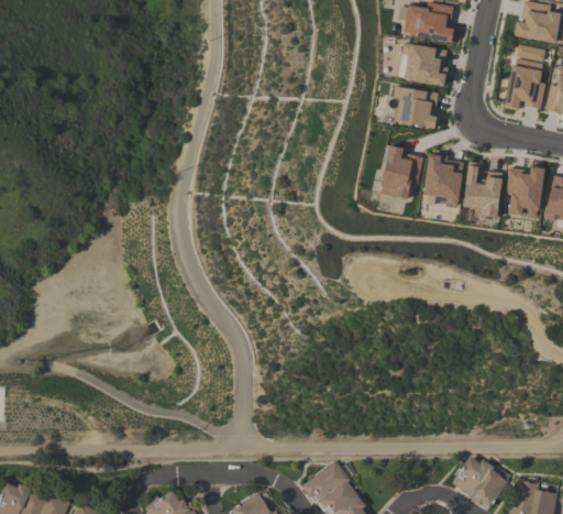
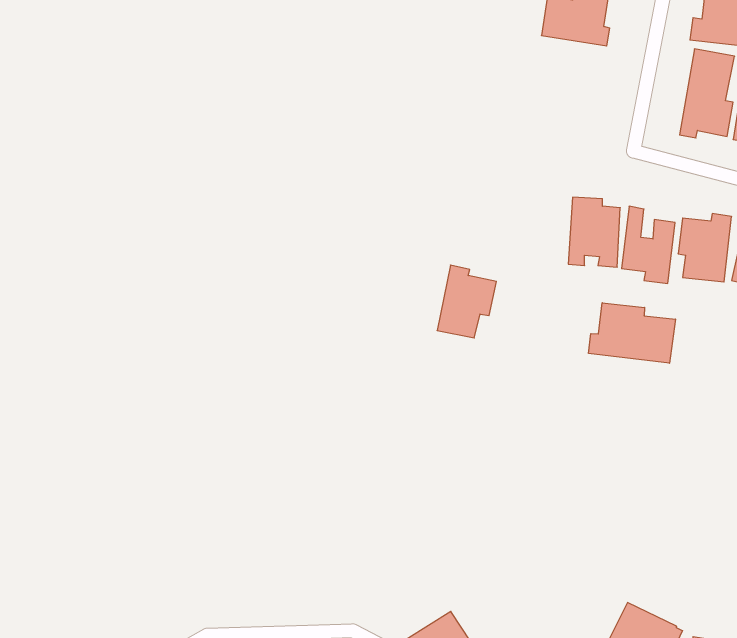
building: [399,43,448,86] -> none
building: [394,87,439,128] -> none
building: [379,145,423,199] -> [437,265,496,338]
building: none -> [589,303,675,363]

